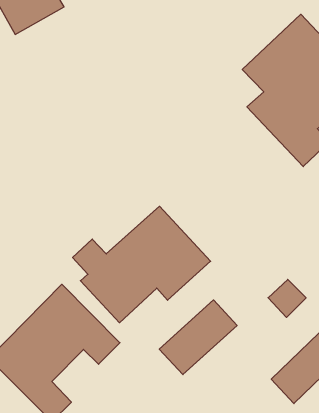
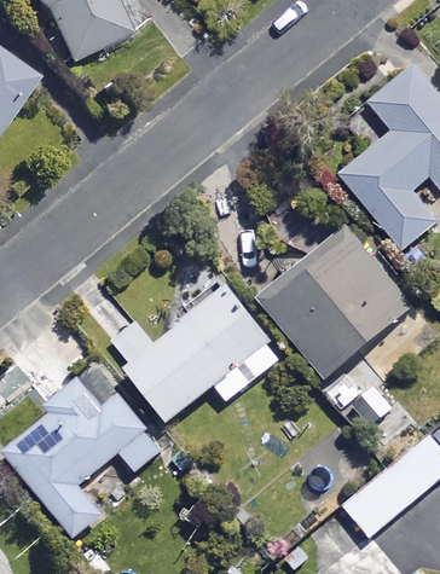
building: none -> [251,227,410,382]
building: [159,300,237,375] -> none

